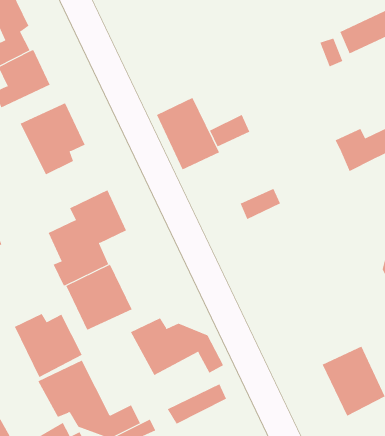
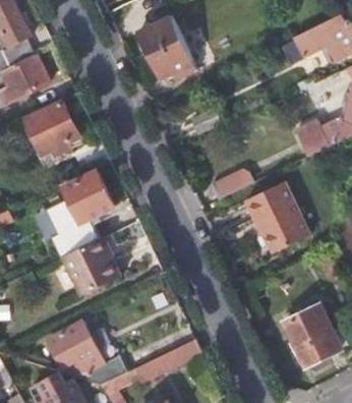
building: [156,97,220,170] -> [139,16,194,79]
building: none -> [244,182,310,254]
building: [14,313,83,378] -> none
building: [130,317,224,376] -> none

